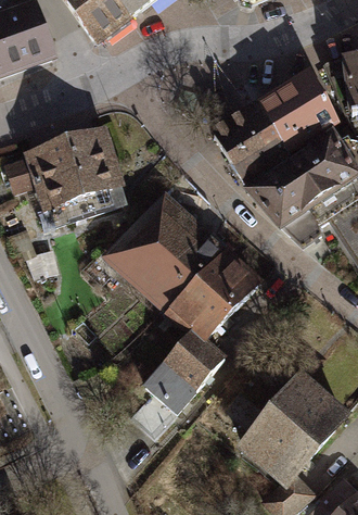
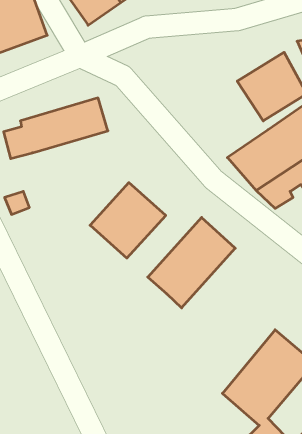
building: [216,102,295,186] -> none
building: [38,156,132,221] -> none
building: [141,194,222,316] -> none
building: [128,335,219,441] -> none

